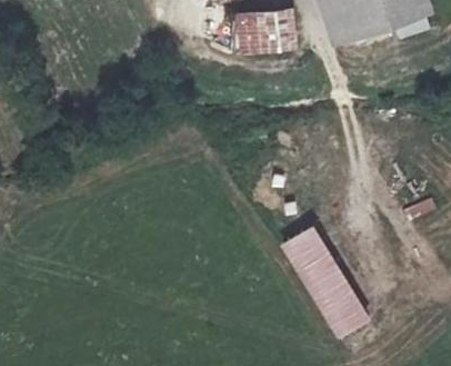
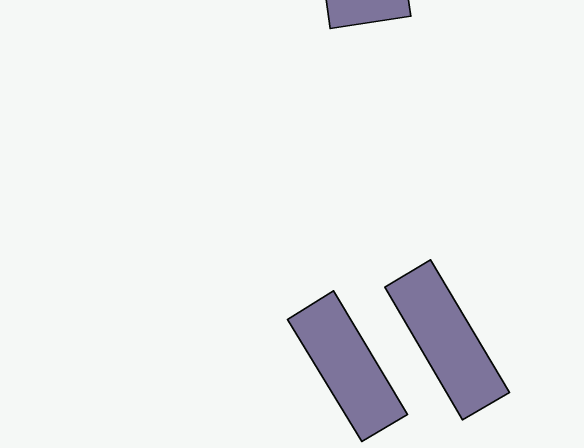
building: none -> [287,291,407,442]

